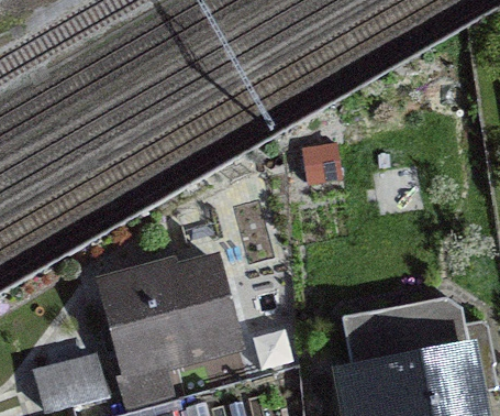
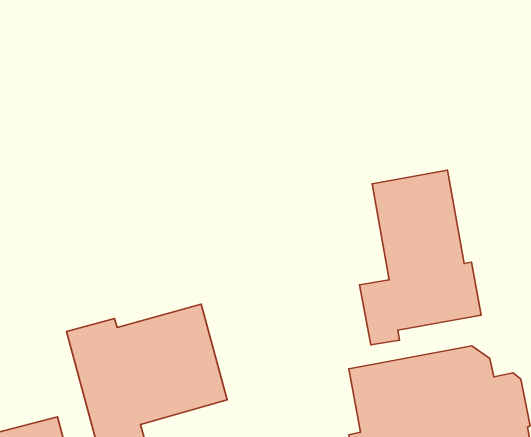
building: none -> [359,170,481,345]

